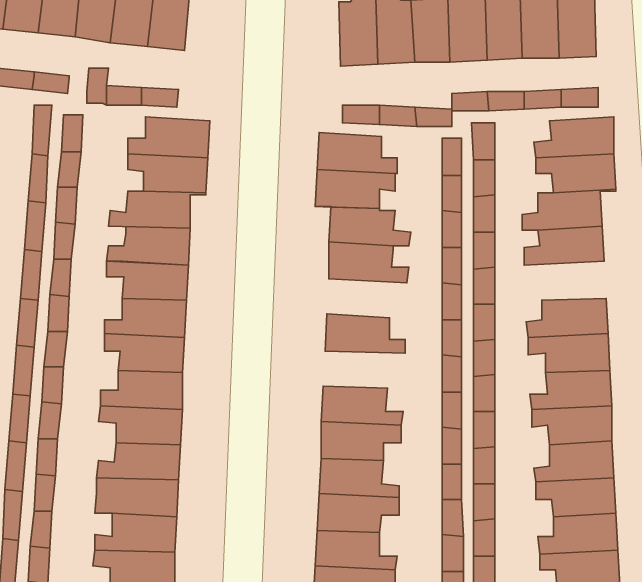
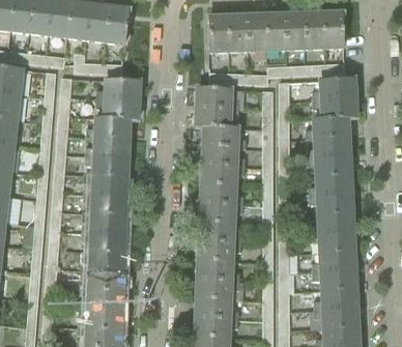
building: none -> [307,155,350,176]
building: none -> [202,165,245,185]
building: none -> [200,203,243,223]

